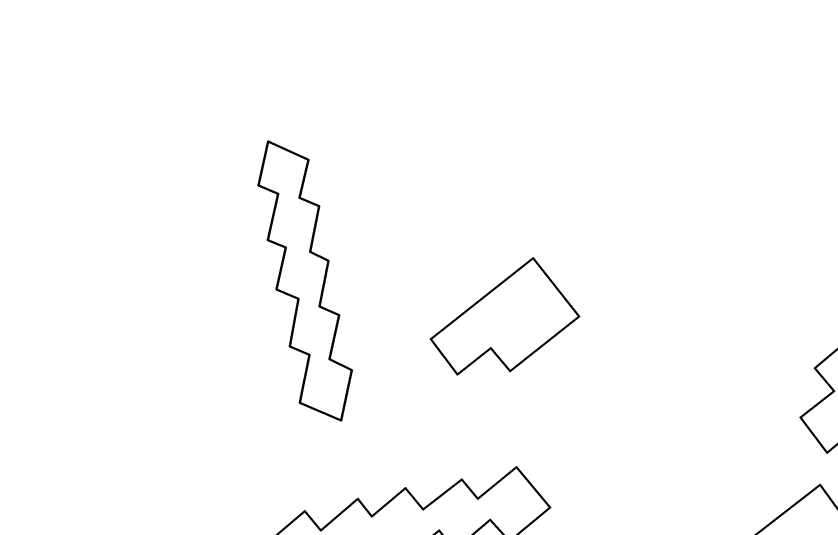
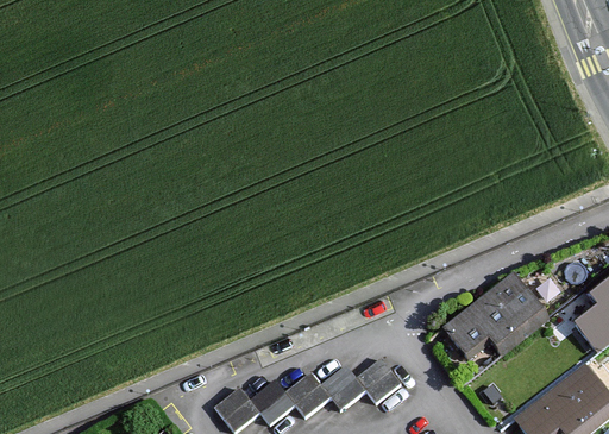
building: [259,141,352,421] -> none
building: [431,258,579,375] -> [447,278,547,357]

